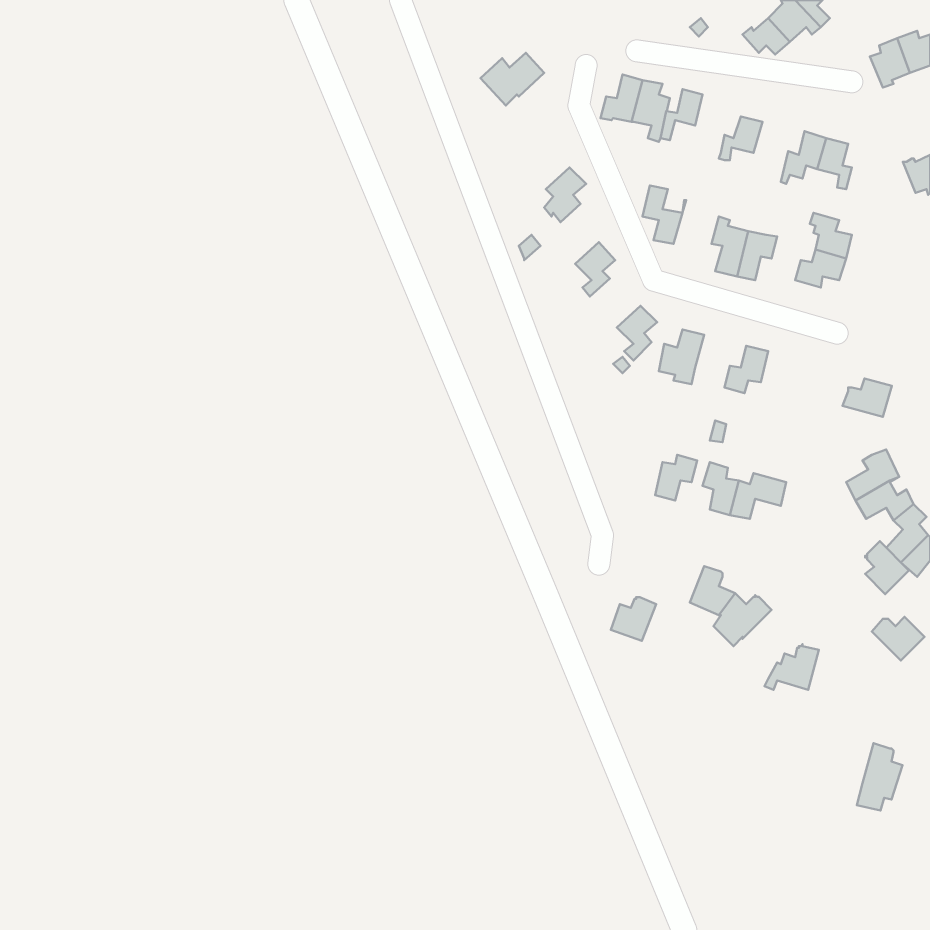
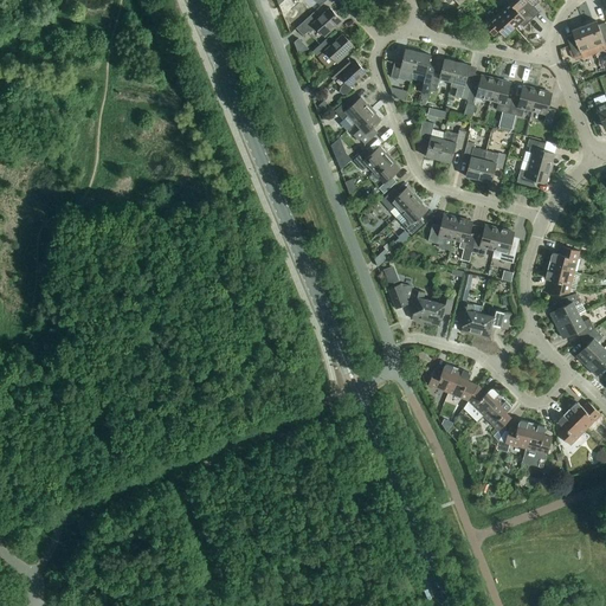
building: none -> [296,7,342,37]
building: none -> [329,58,366,95]
building: none -> [450,62,472,99]
building: none -> [490,79,512,118]
building: none -> [335,97,370,123]
building: none -> [438,129,466,162]
building: none -> [354,146,389,172]
building: none -> [381,187,417,213]
building: none -> [452,218,475,262]
building: none -> [492,228,516,263]
building: none -> [546,264,574,295]
building: none -> [388,283,431,322]
building: [865,541,909,594] -> [557,411,586,445]
building: [611,597,656,641] -> [428,363,458,392]
building: none -> [483,397,511,441]
building: [857,743,902,811] -> [522,423,552,466]

